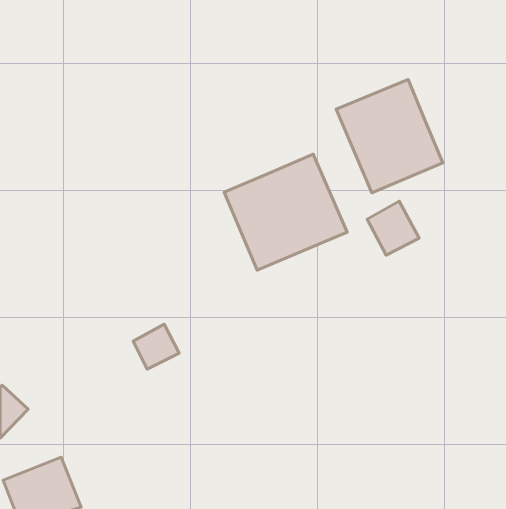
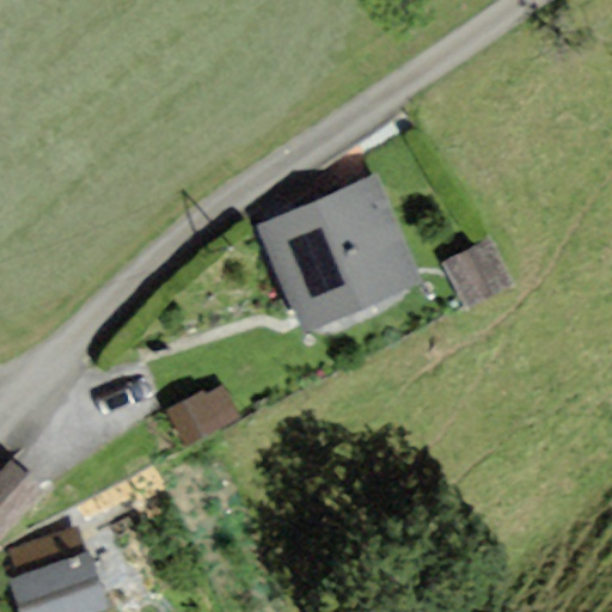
building: [336,80,443,193] -> none

